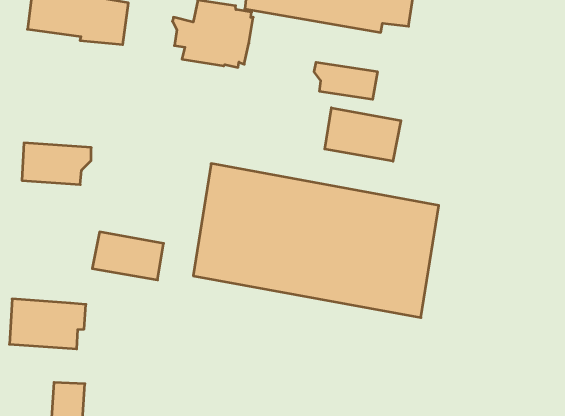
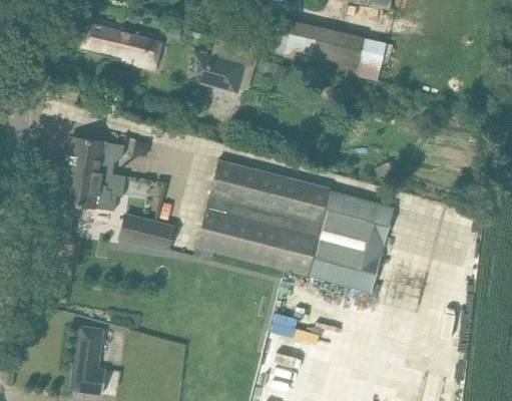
building: [314,62,377,99] -> none
building: [325,108,401,161] -> none
building: [9,299,86,349] -> [64,167,126,211]

